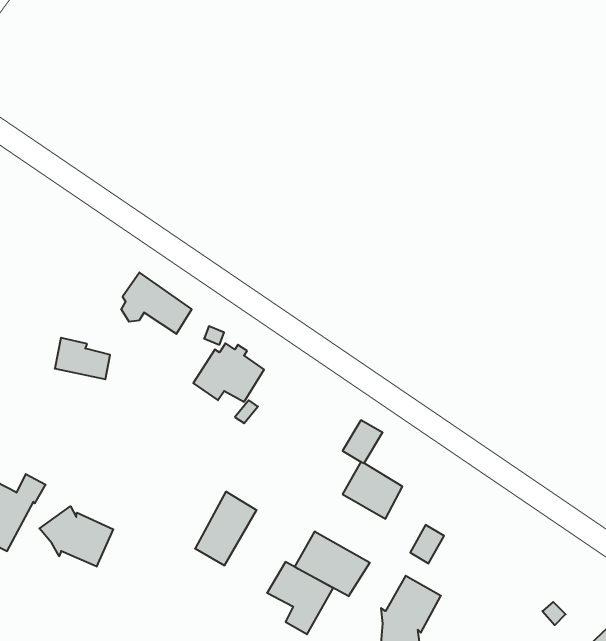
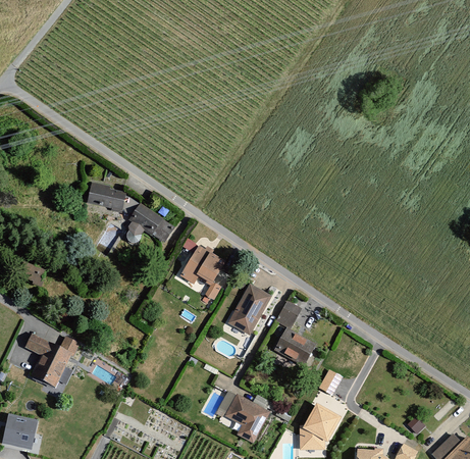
building: [55,338,110,379] -> [89,182,125,209]
building: [195,492,257,565] -> [230,284,271,333]
building: [39,506,113,567] -> none
building: [295,531,370,596] -> none

